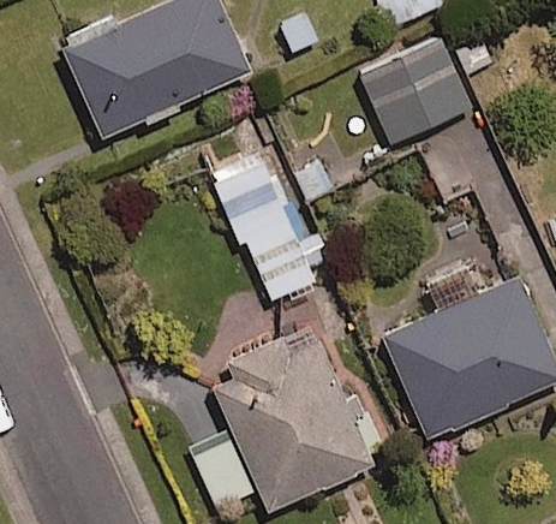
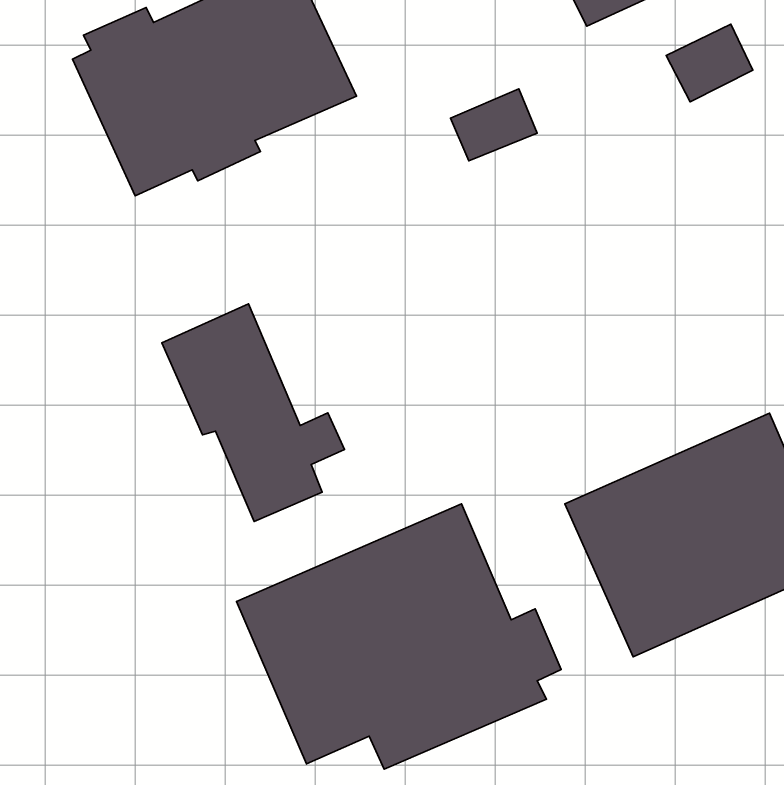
building: [366,42,471,139] -> none
building: [209,157,328,299] -> [162,304,344,522]

